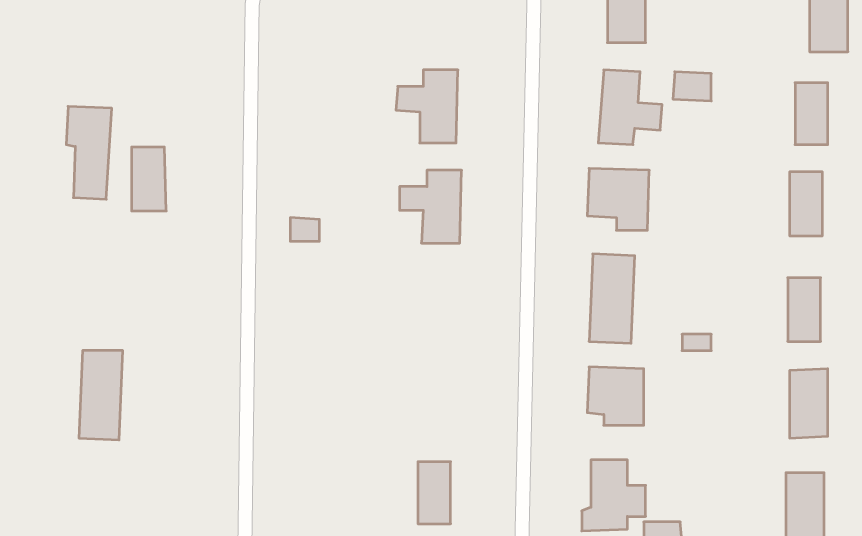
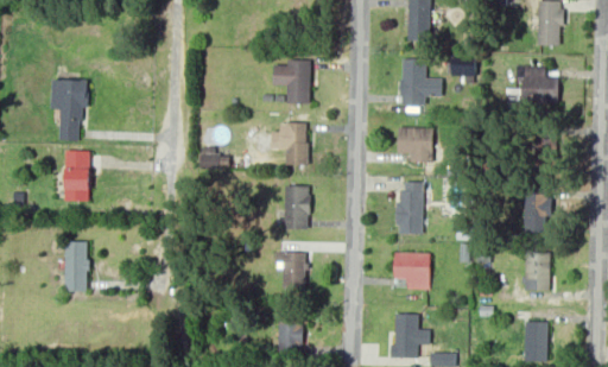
building: [132,147,166,211] -> [66,158,89,200]
building: none -> [285,189,308,230]
building: none -> [284,247,306,287]

